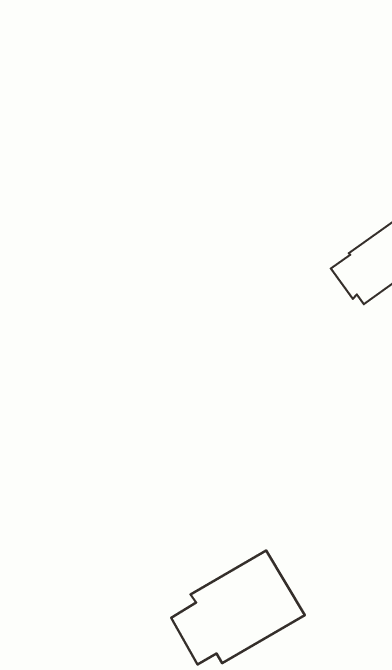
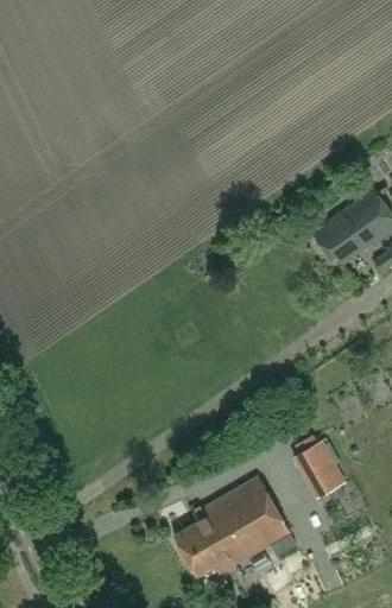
building: none -> [295,432,344,488]

